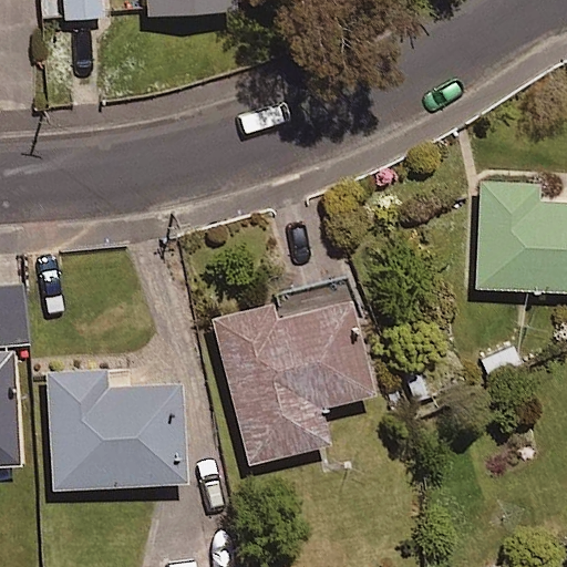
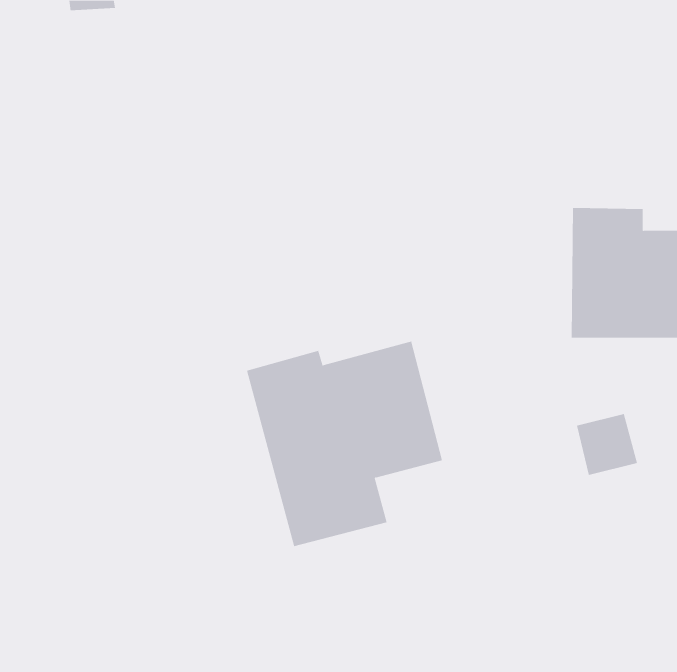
building: [45,370,186,493] -> none

